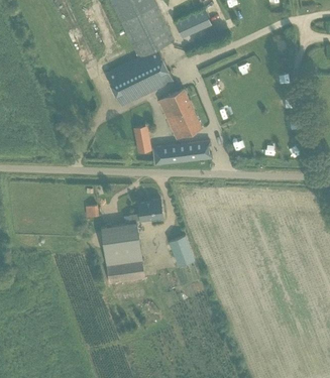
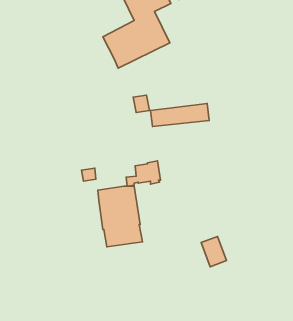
building: [158,89,202,139] -> none
building: [170,236,195,266] -> [201,236,227,267]

